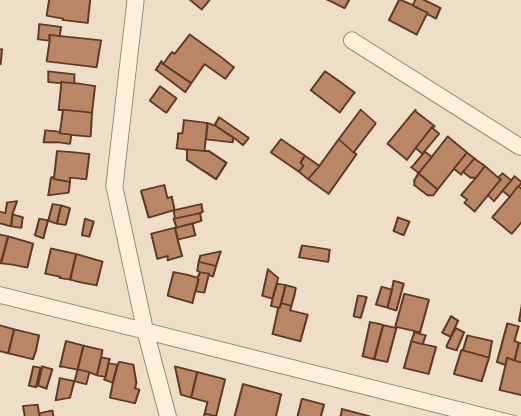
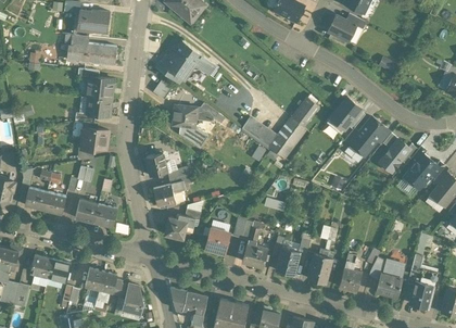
building: [311,71,355,113] -> none
building: none -> [204,223,229,256]
building: [395,294,429,332] -> [276,247,301,275]

